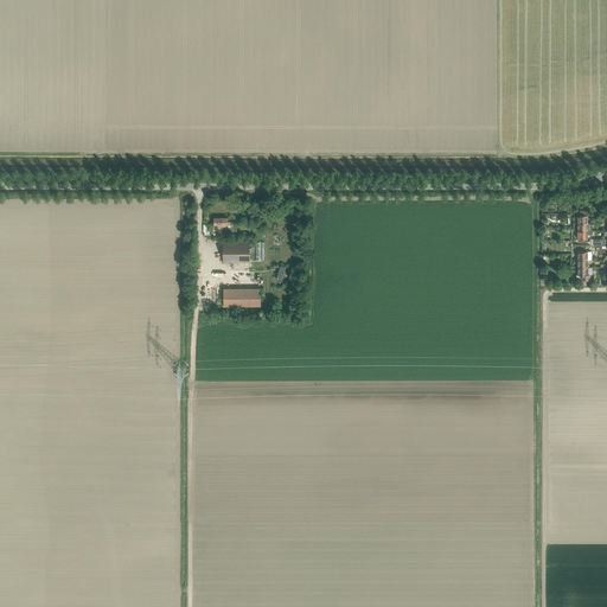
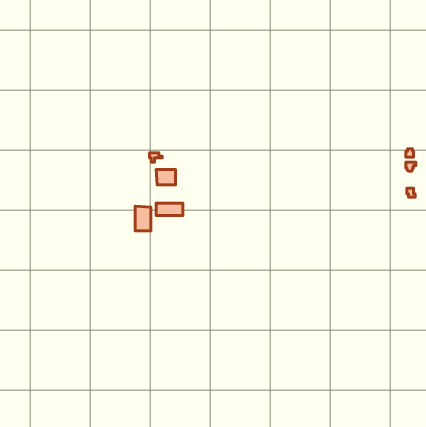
building: none -> [135,206,151,231]

